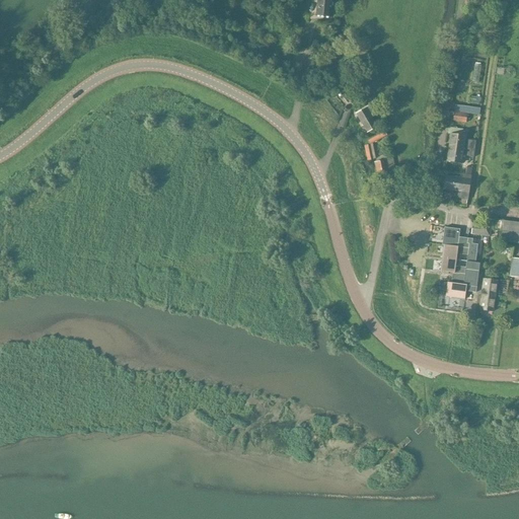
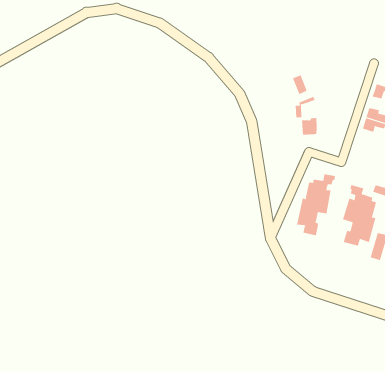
building: [443,166,471,206] -> none
building: none -> [296,174,336,236]

